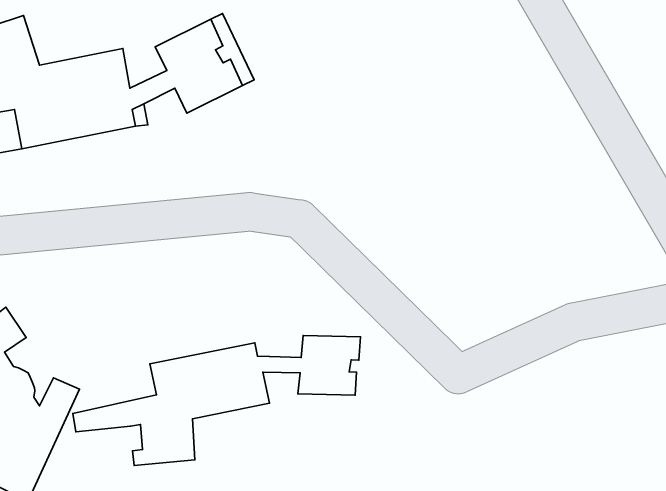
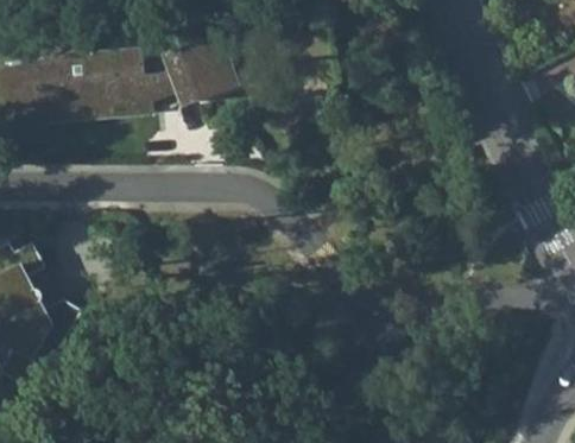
building: [73,335,360,466] -> none

